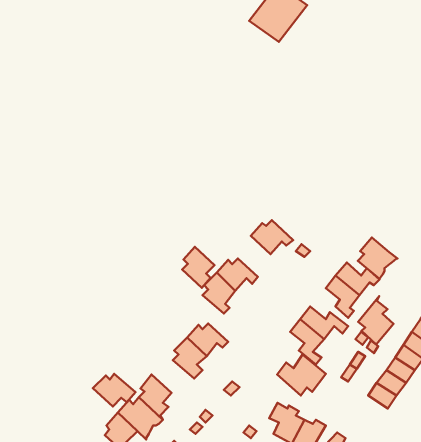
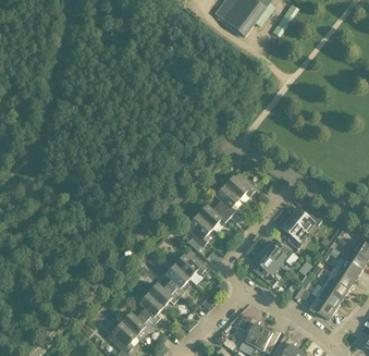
building: [358,238,397,279] -> none
building: [182,247,215,288] -> [212,186,237,218]
building: [358,296,393,345] -> none
building: [277,354,326,396] -> none
building: [93,374,135,406] -> [146,282,179,307]

